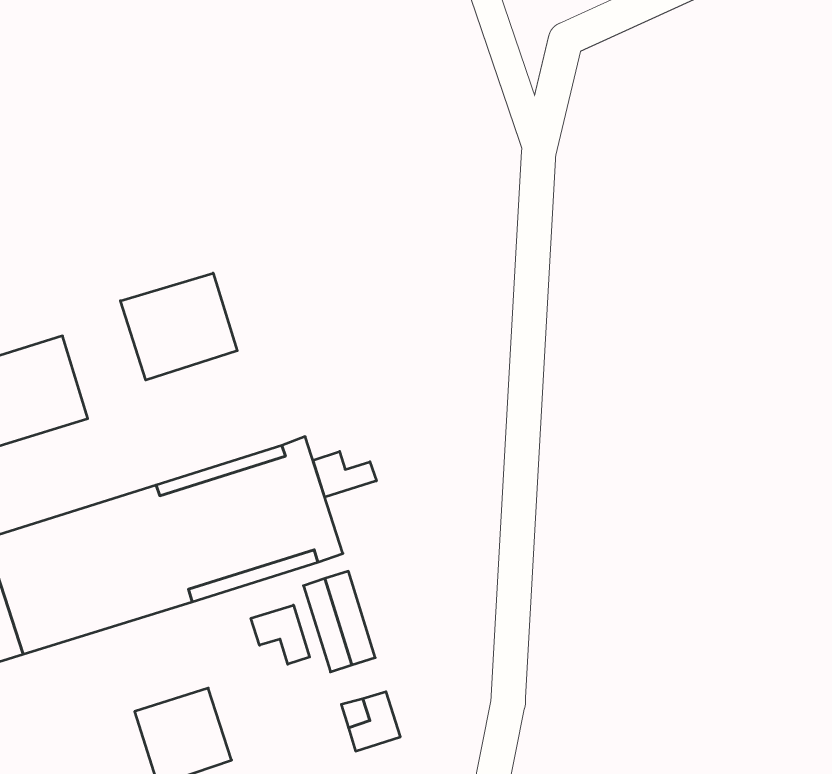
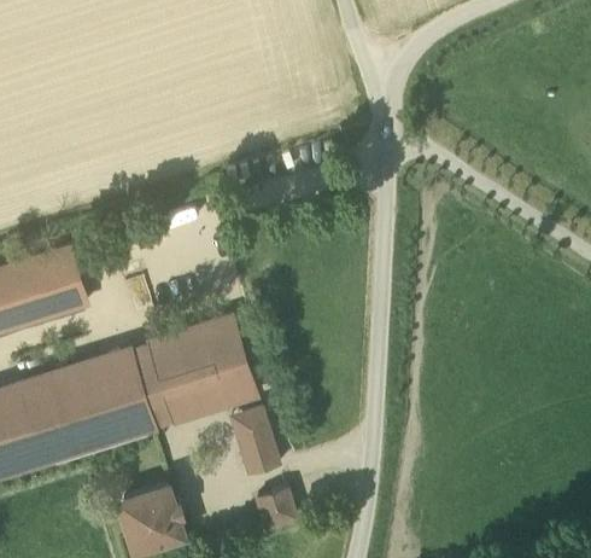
building: [120,273,237,380] -> none
building: [313,451,376,497] -> none
building: [251,605,310,664] -> none

